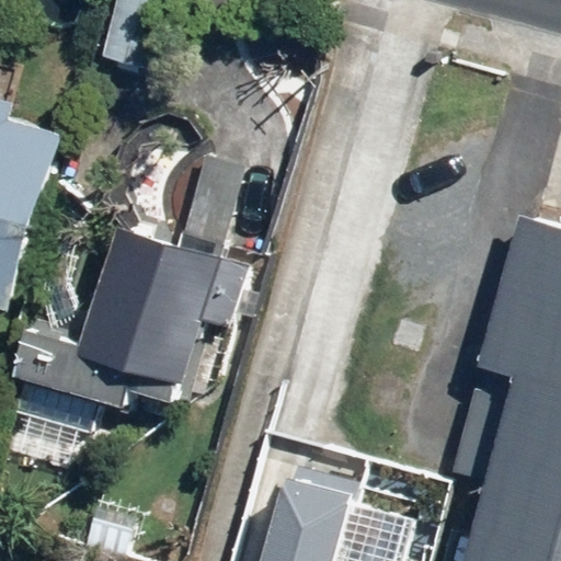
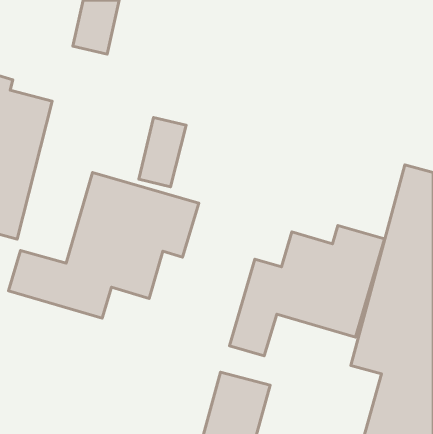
building: none -> [229,226,385,356]

